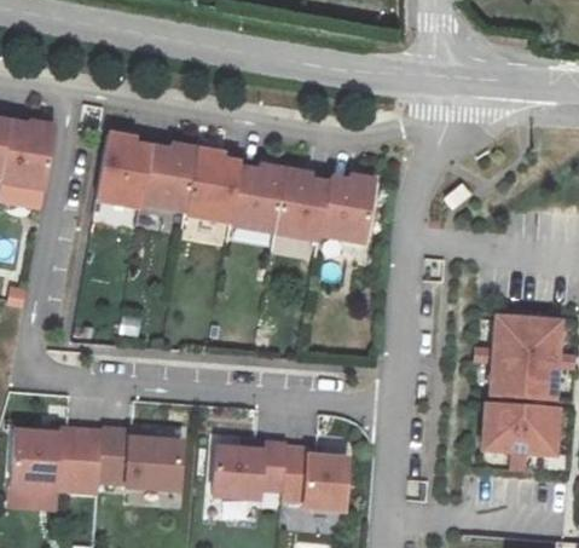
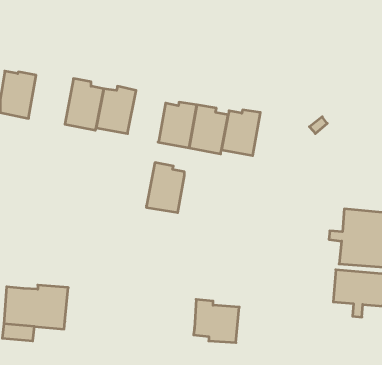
building: [187,149,242,220] -> [146,163,184,213]
building: [98,427,181,488] -> none
building: [213,443,285,497] -> none

